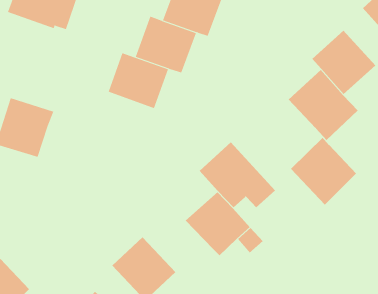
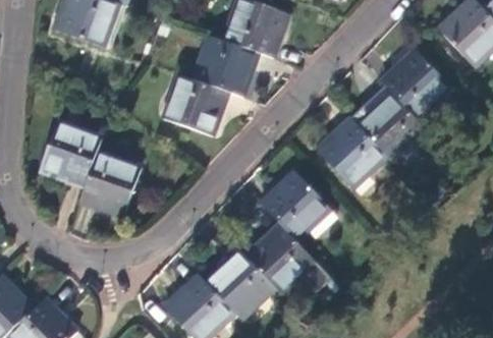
building: none -> [81,153,139,217]
building: [290,137,357,205] -> [315,116,387,190]
building: none -> [207,248,276,319]

